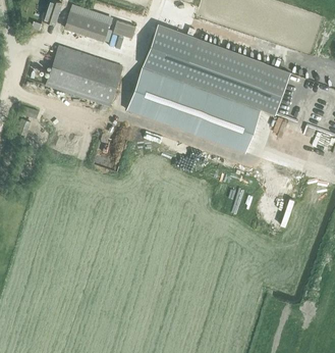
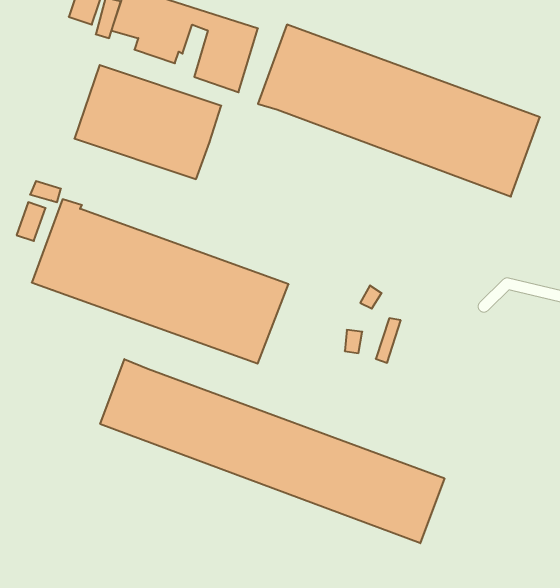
building: [126,66,262,153] -> [32,199,289,364]
building: none -> [100,359,444,543]

